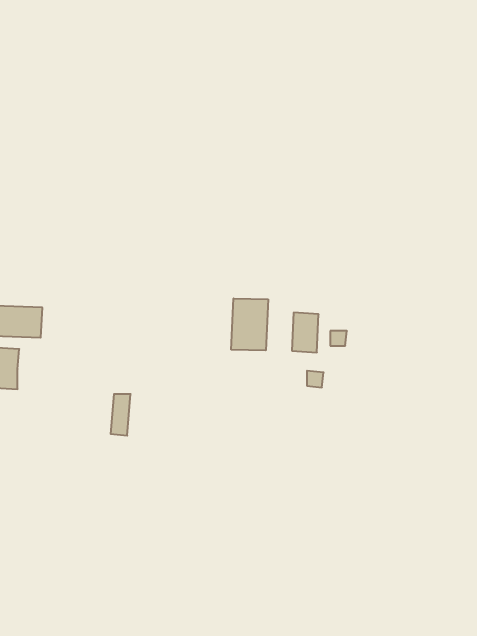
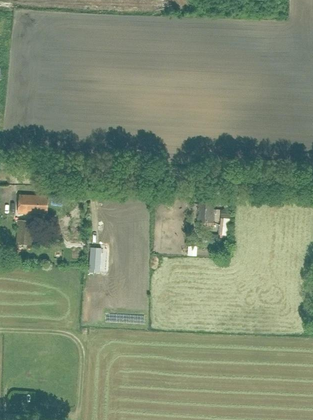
building: [231,298,268,350] -> none

